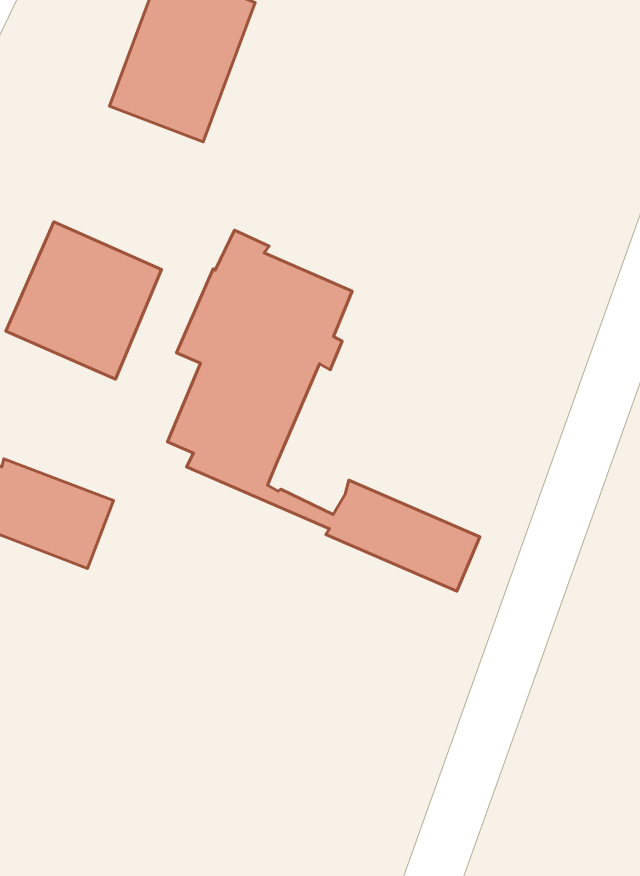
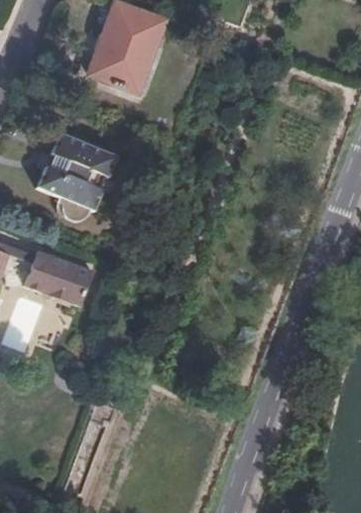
building: [167,230,480,591] -> none

